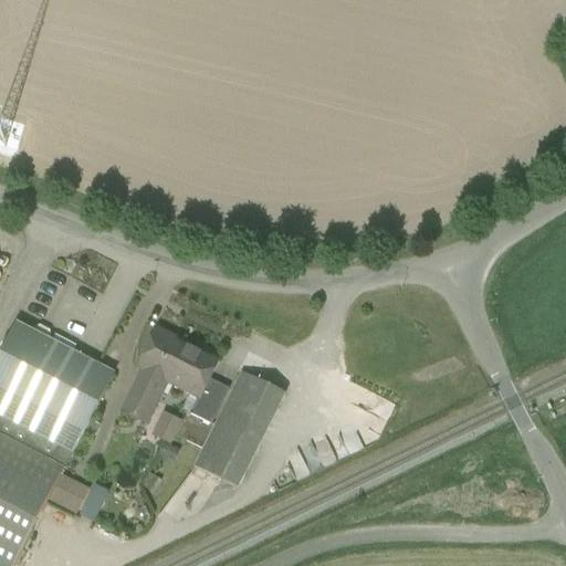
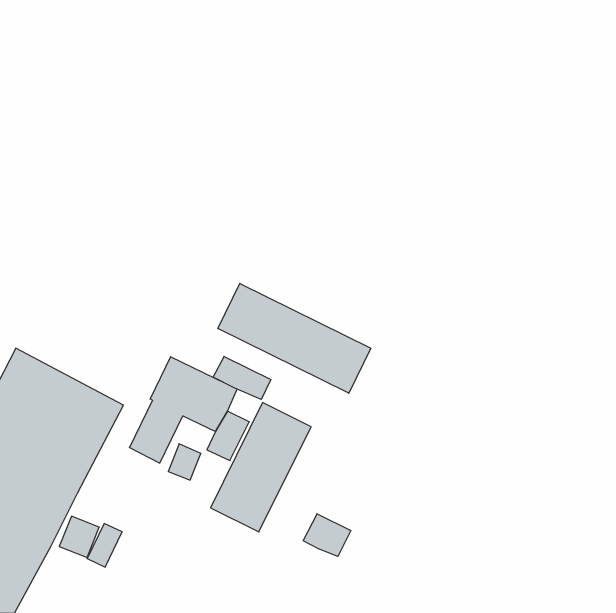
building: none -> [218,283,371,393]
building: none -> [213,356,271,399]
building: none -> [303,514,351,556]

